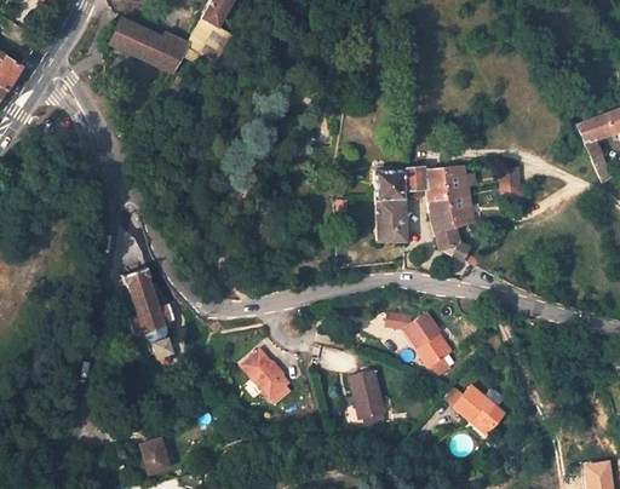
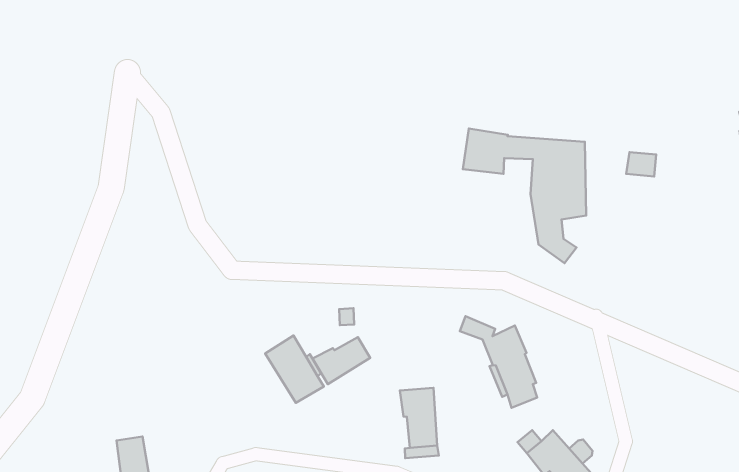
building: [375,201,404,242] -> none
building: [121,267,174,366] -> none
building: none -> [312,337,370,384]

